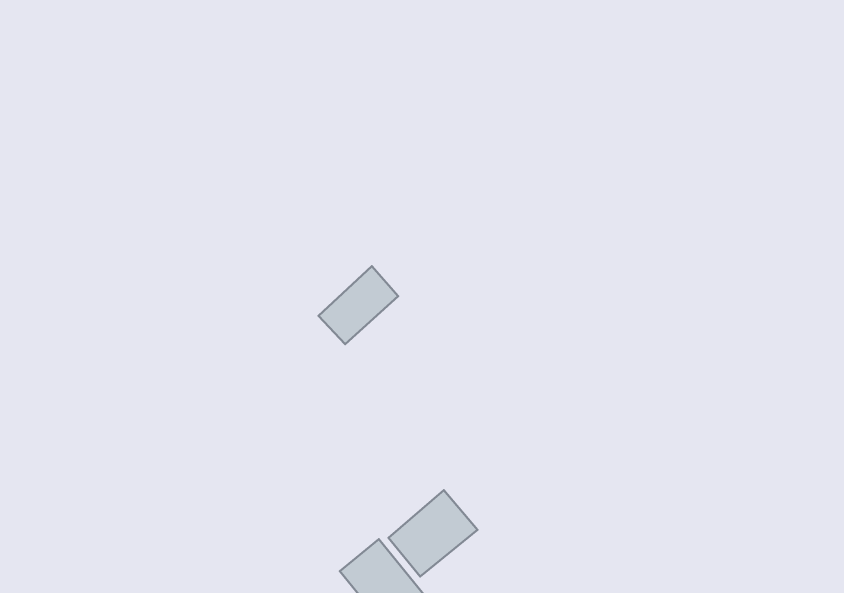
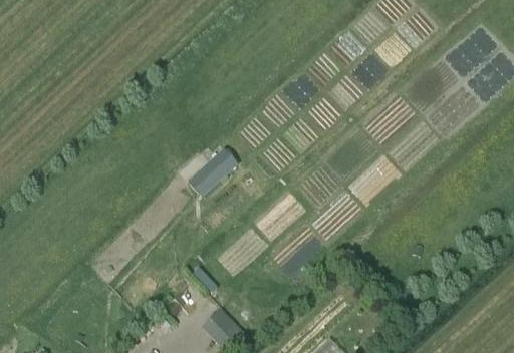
building: [389,490,477,577] -> none

